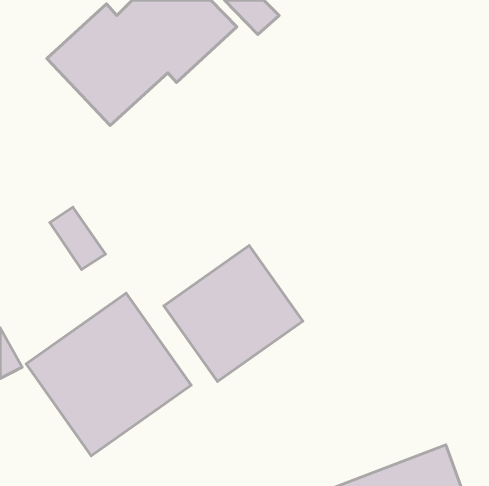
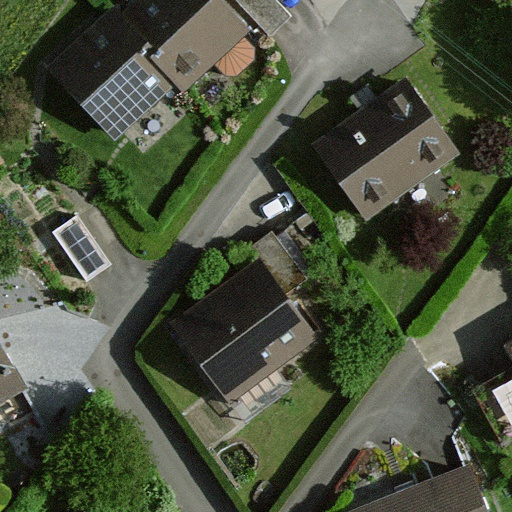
building: none -> [314,81,460,219]
building: [26,293,191,456] -> none

